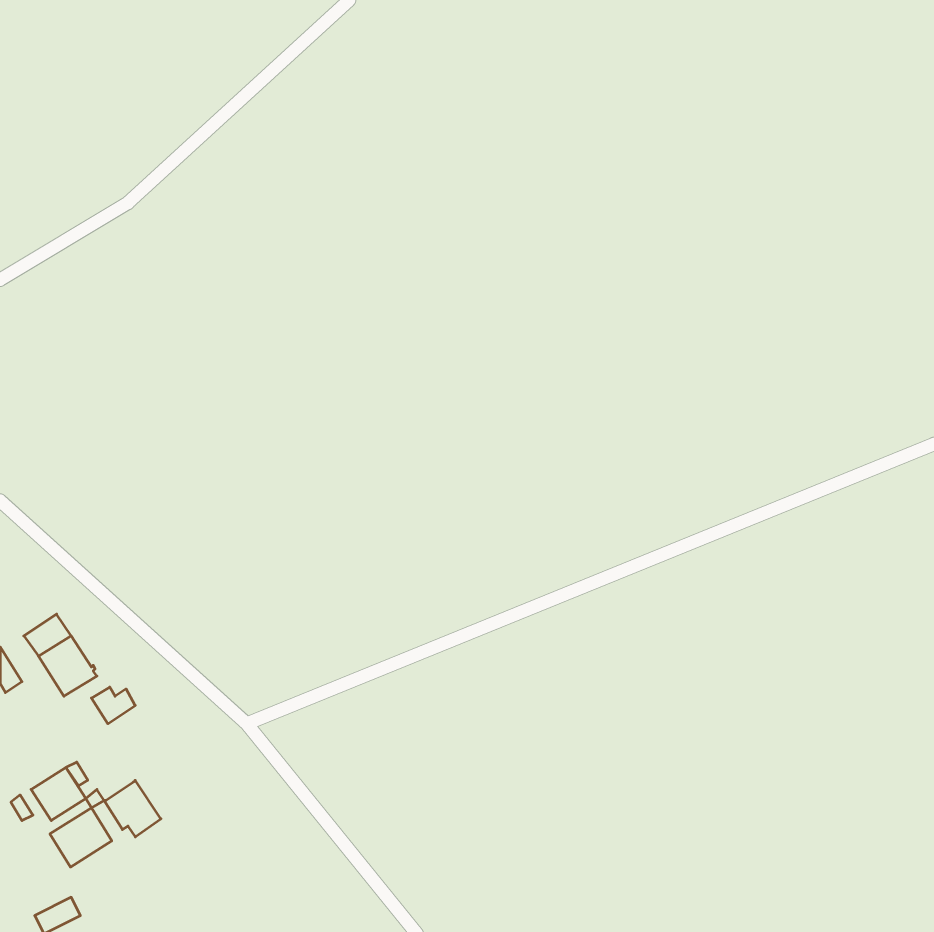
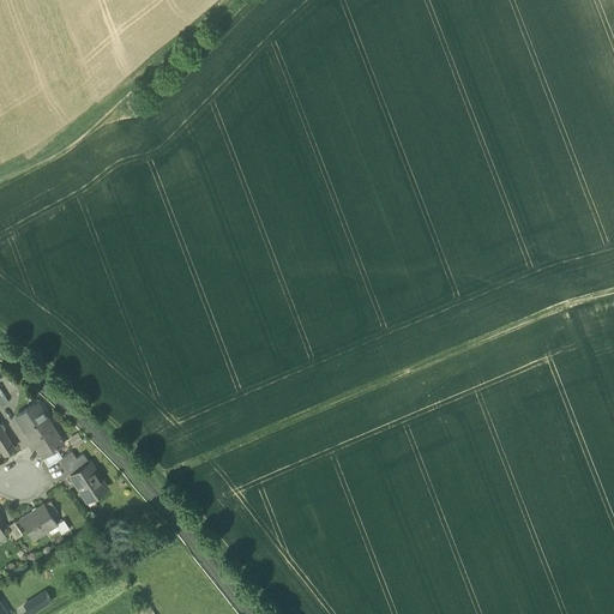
building: [104,780,161,837] -> [70,463,107,500]
building: [50,808,112,867] -> none

